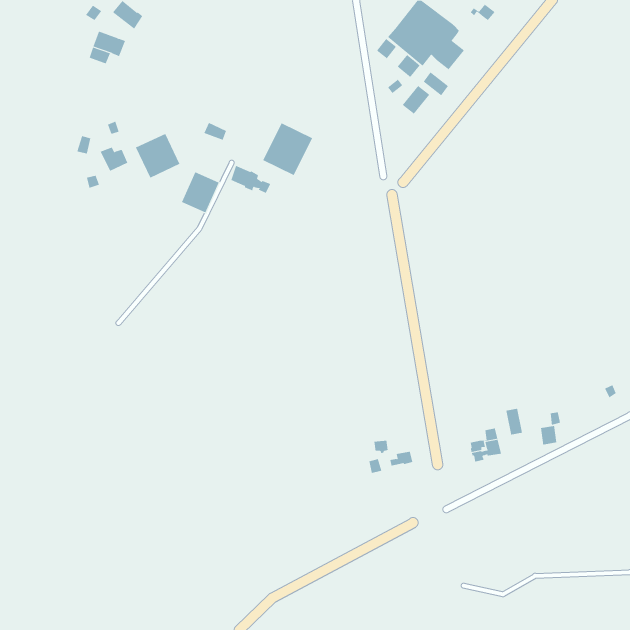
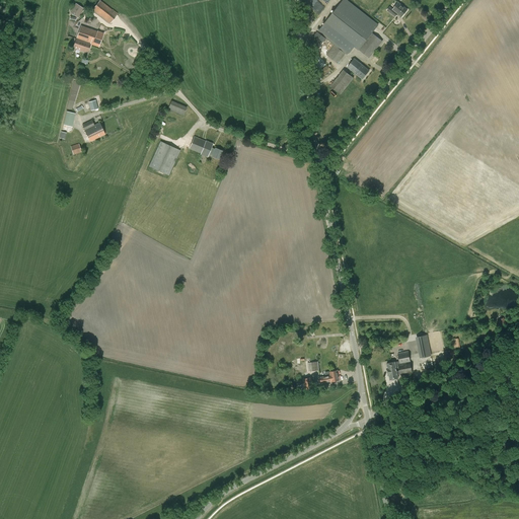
building: [262,123,313,176] -> none
building: [135,133,180,178] -> none

